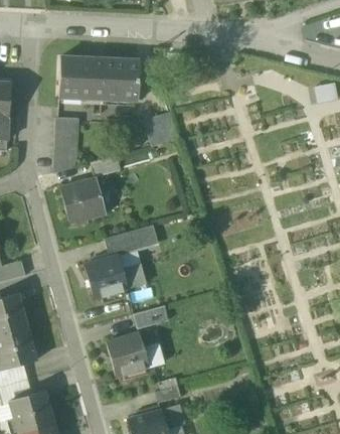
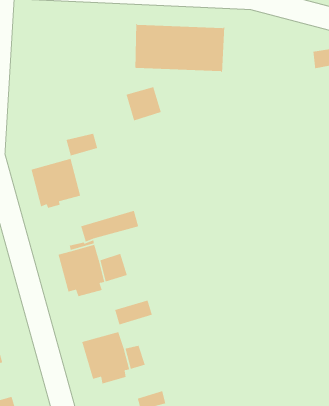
building: [59,56,140,101] -> [134,23,225,73]
building: [53,118,78,173] -> none

